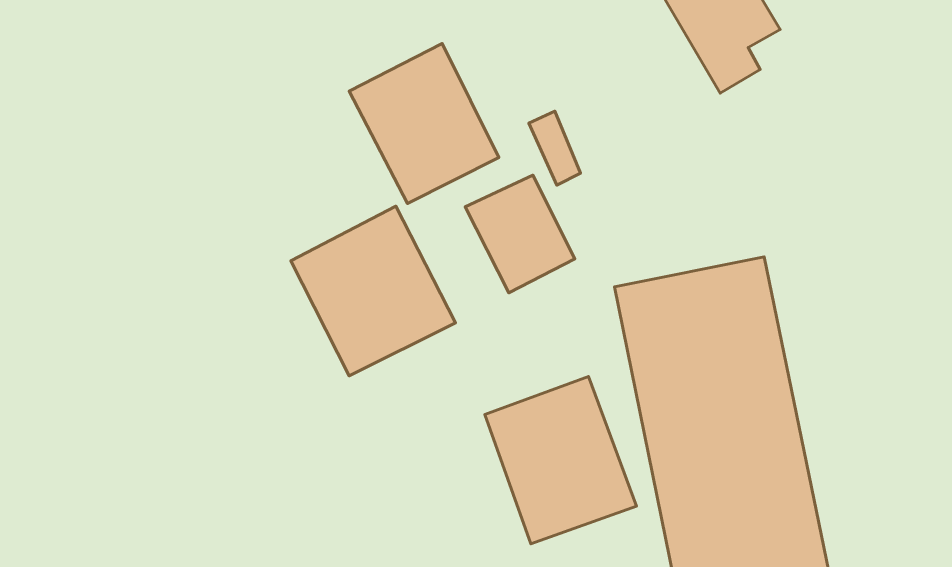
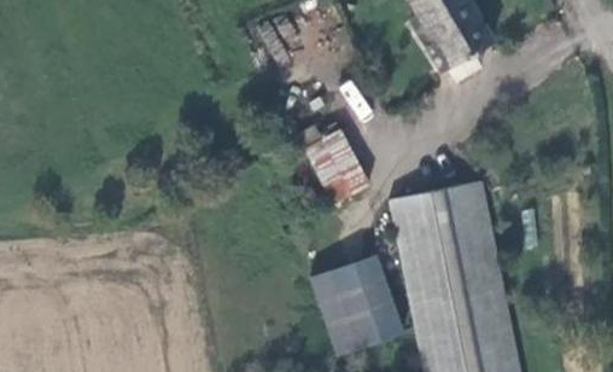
building: [349,44,499,204] -> none
building: [291,206,456,376] -> none

